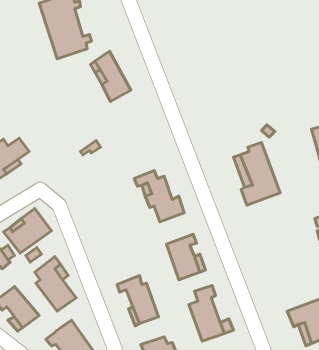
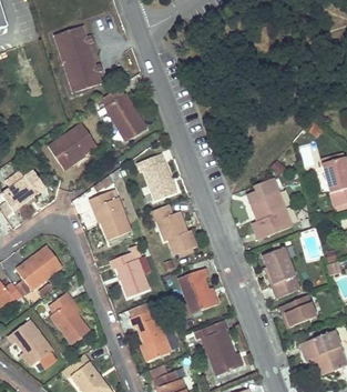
building: none -> [51,125,94,169]
building: none -> [143,155,174,201]
building: none -> [89,191,132,239]
building: none -> [264,249,300,300]
building: none -> [112,252,152,295]
building: none -> [283,294,317,329]

